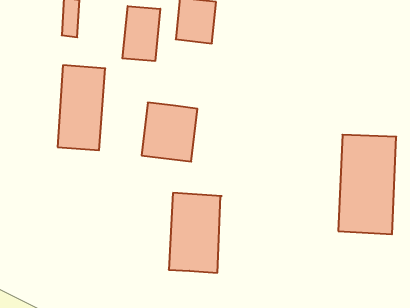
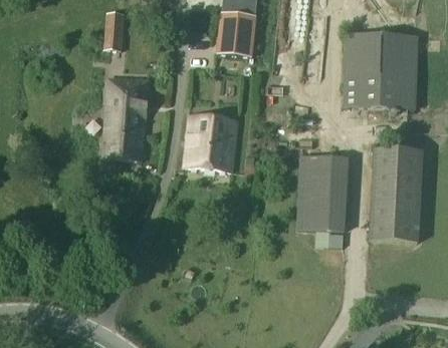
building: [122,6,160,61] -> none
building: none -> [345,33,414,107]
building: [169,193,222,273] -> [296,154,348,232]

